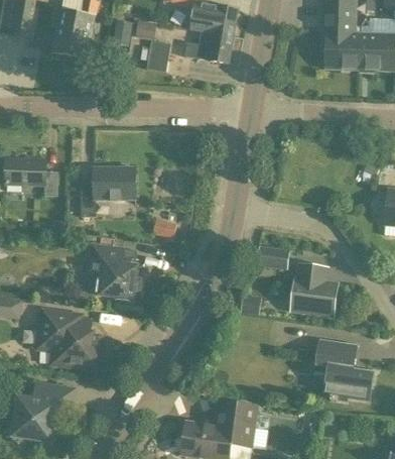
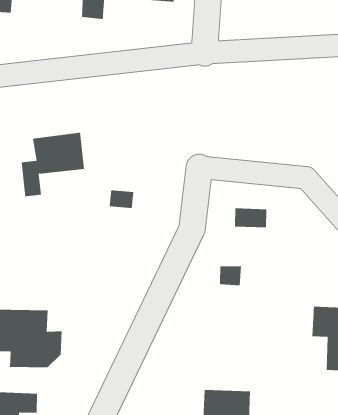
building: [87,243,140,305] -> none
building: [291,262,337,315] -> none

